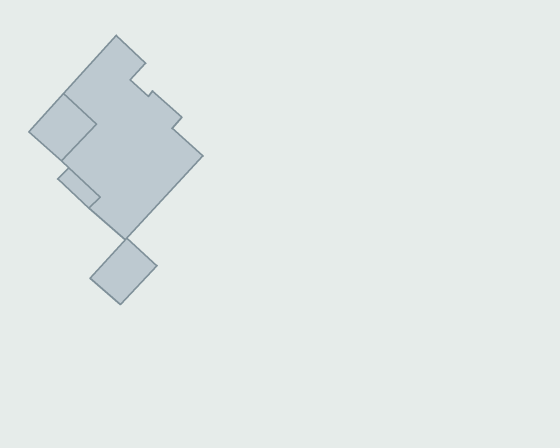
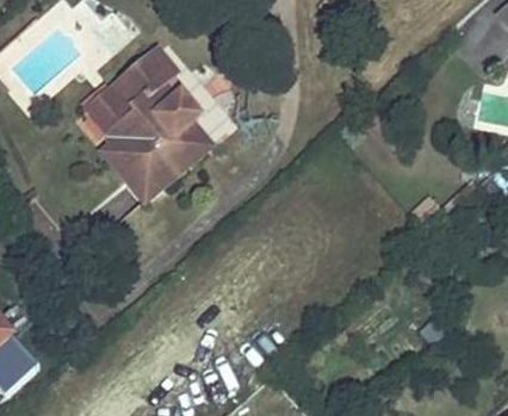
building: [90,238,157,304] -> none

